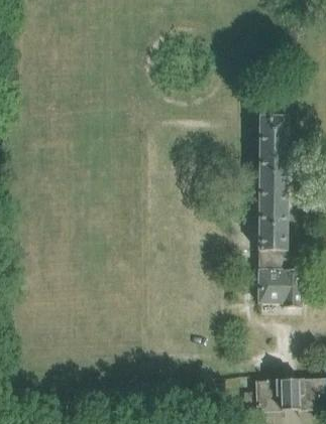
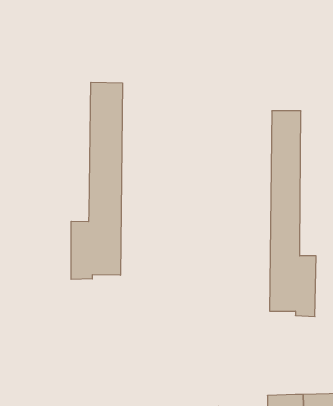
building: none -> [71,82,122,279]

